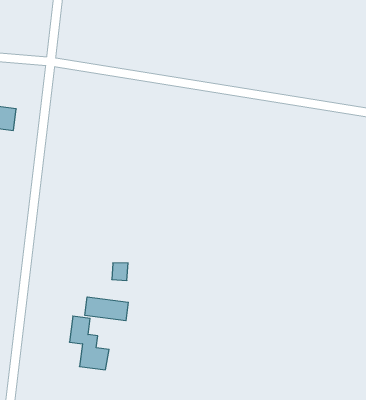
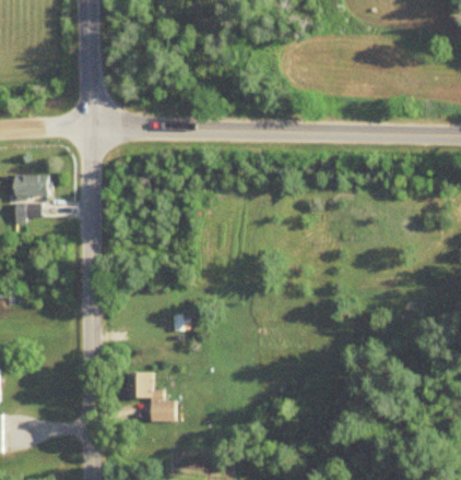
building: [85,297,128,321] -> none

